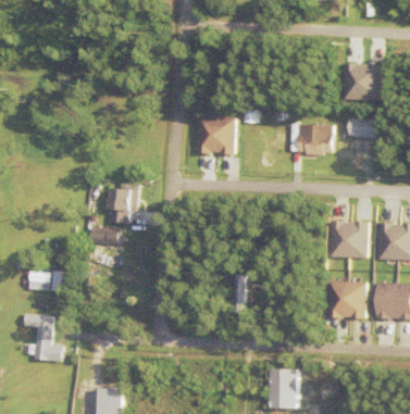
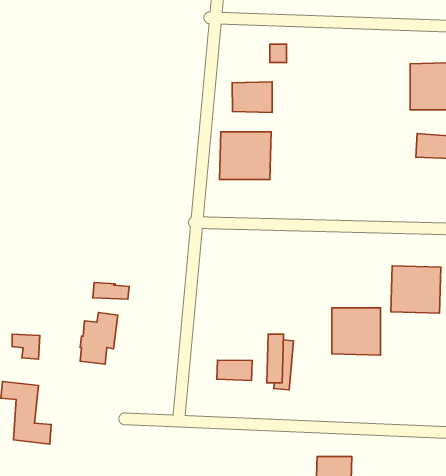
building: none -> [232,82,272,112]
building: [296,124,332,154] -> none
building: [111,186,140,226] -> [80,313,118,364]
building: [326,281,364,318] -> [332,308,381,355]
building: none -> [217,360,252,381]

